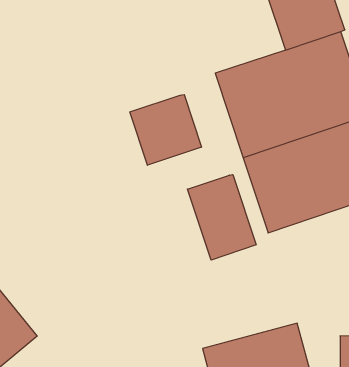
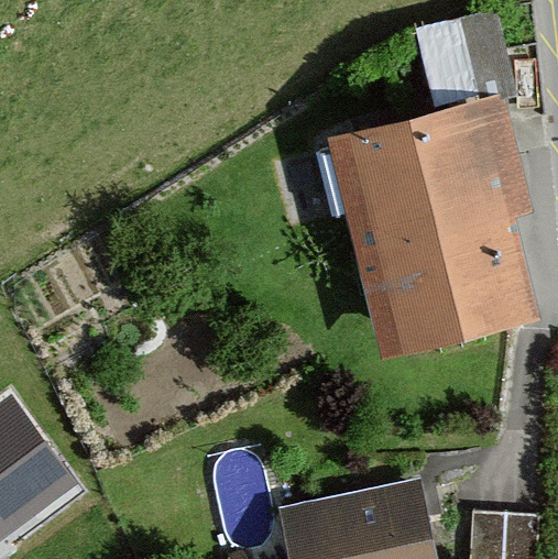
building: [130,95,201,165] -> none
building: [187,175,256,260] -> none

